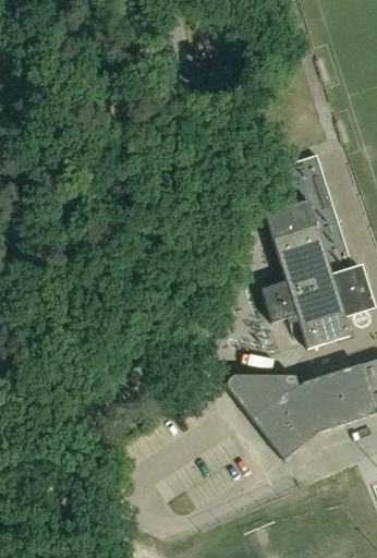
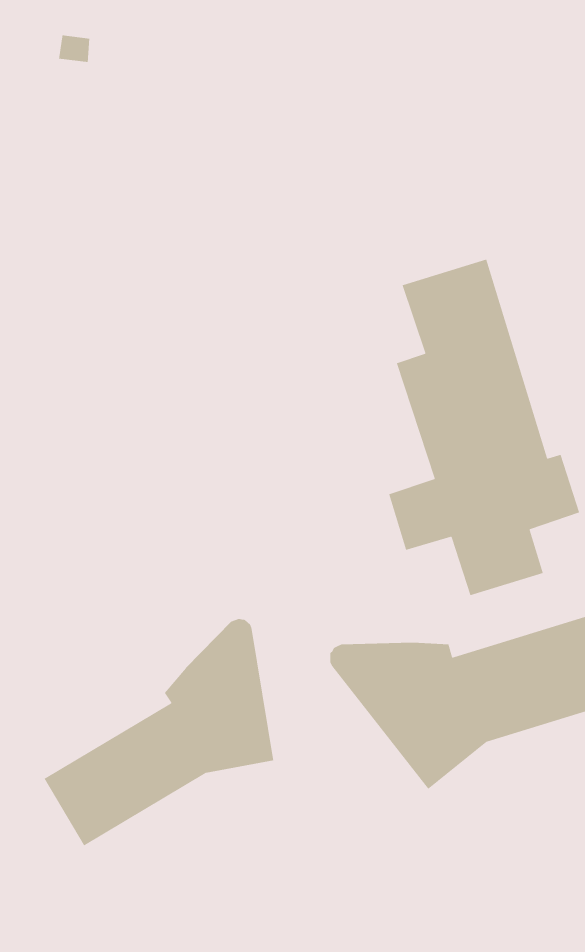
building: none -> [43,618,274,846]

